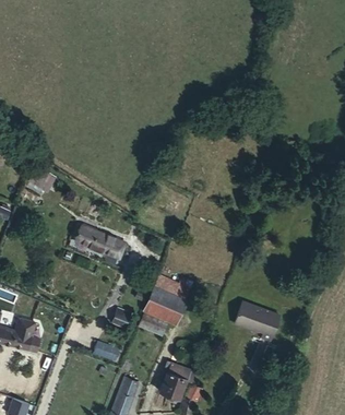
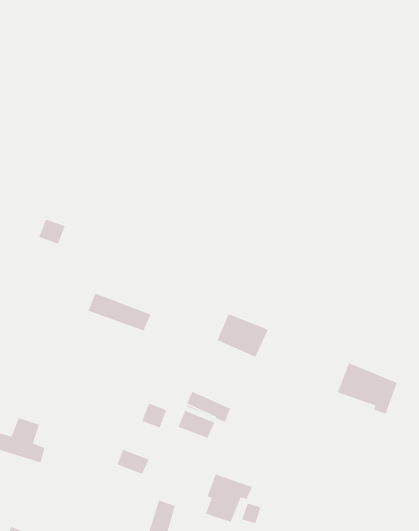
building: [150,277,189,311] -> [217,313,269,358]
building: [235,301,281,341] -> [337,362,398,414]

